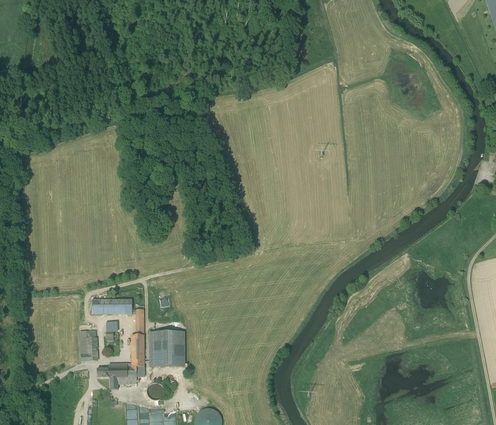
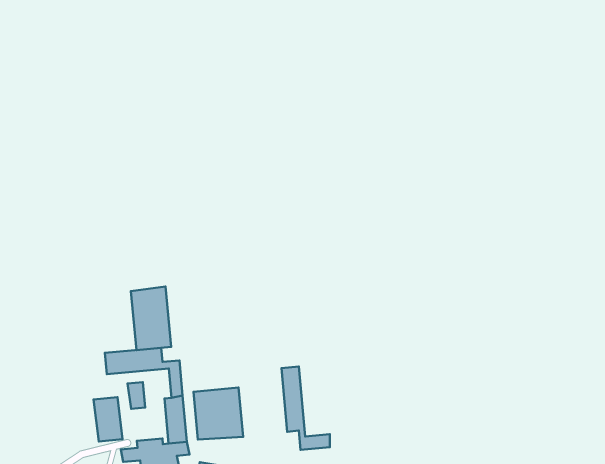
building: none -> [131,286,171,350]
building: none -> [281,367,330,450]

